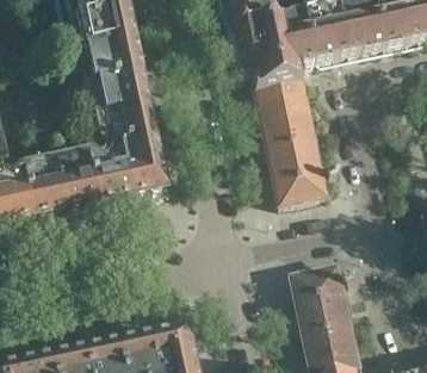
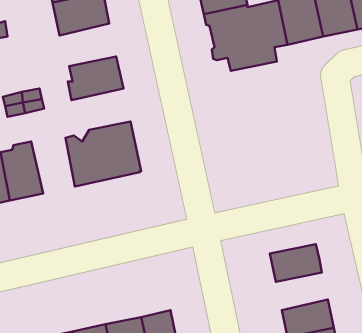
building: [82,36,140,80] -> none
building: [255,74,326,198] -> none
building: [94,101,154,143] -> none
building: [54,150,98,207] -> none
building: [301,287,353,325] -> none

